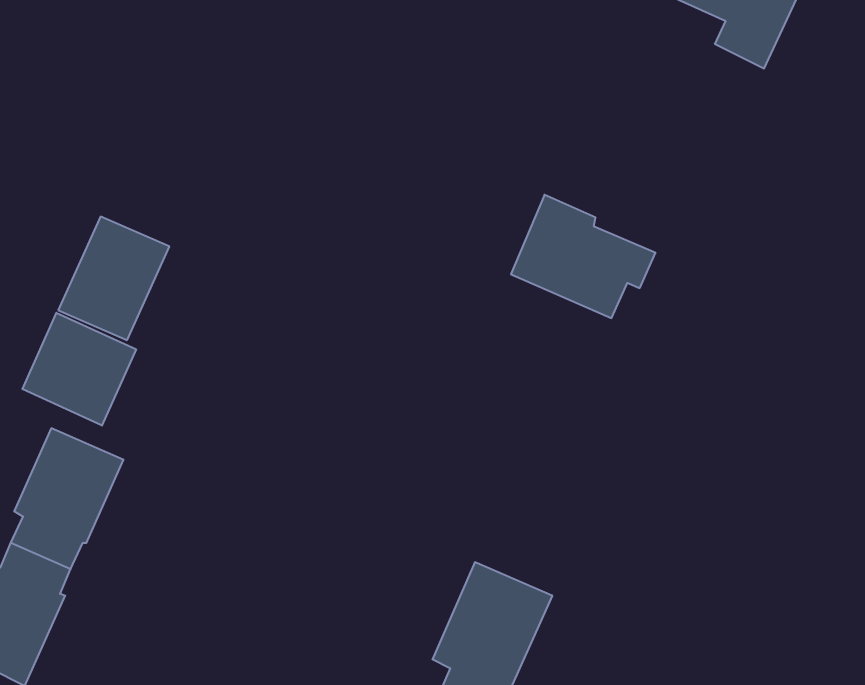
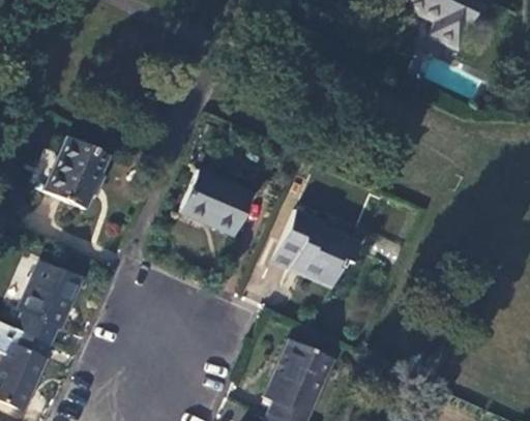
building: [511,195,656,318] -> [275,209,360,281]
building: none -> [179,171,253,236]
building: [22,313,136,426] -> none

